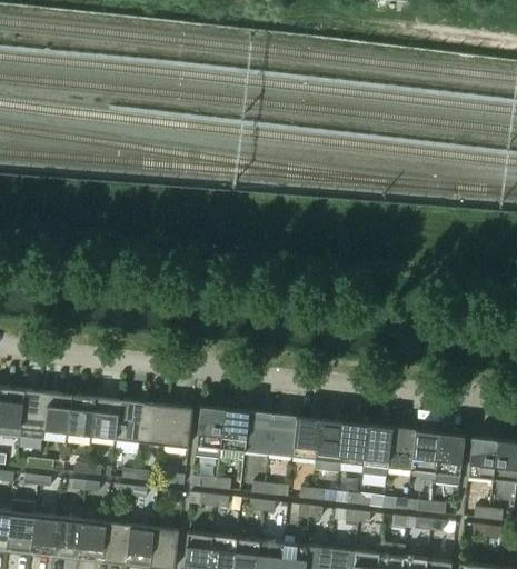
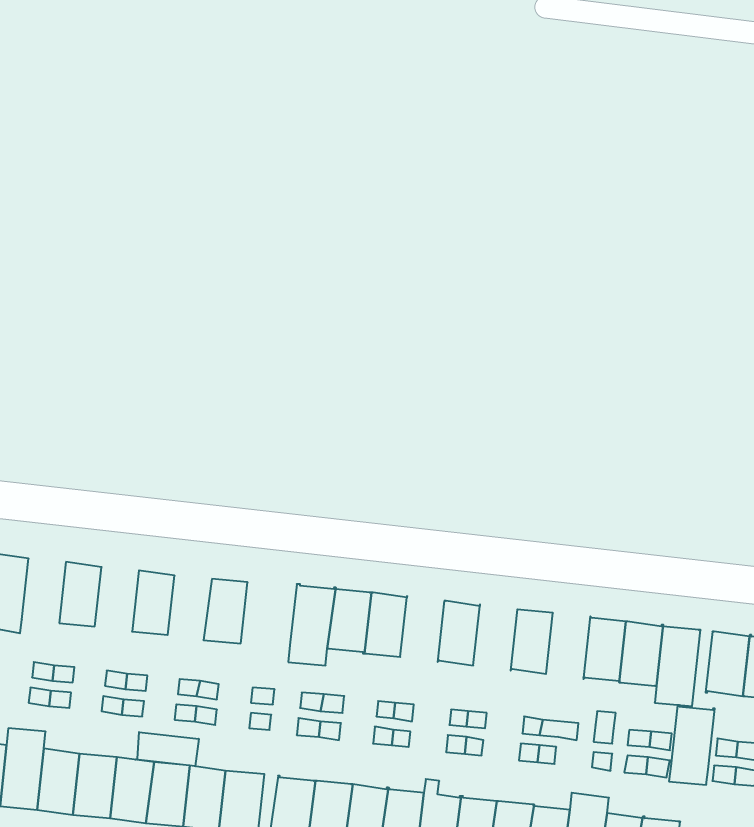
building: [18,389,48,440] -> none
building: [67,395,96,437] -> none
building: [115,400,143,442] -> none
building: [162,405,191,448] -> none
building: [267,413,296,457] -> none
building: [314,419,344,472] -> none
building: [361,425,391,477] -> [669,705,715,785]
building: none -> [135,732,199,766]

